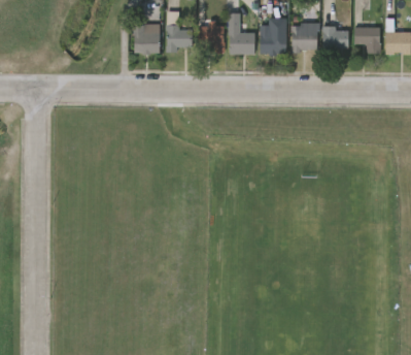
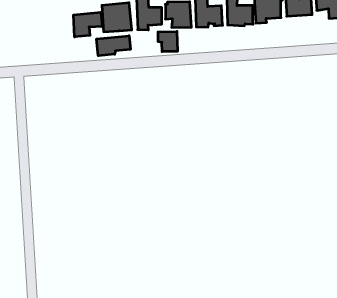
building: none -> [74,12,102,37]
building: none -> [158,31,177,52]
building: none -> [97,36,130,56]

